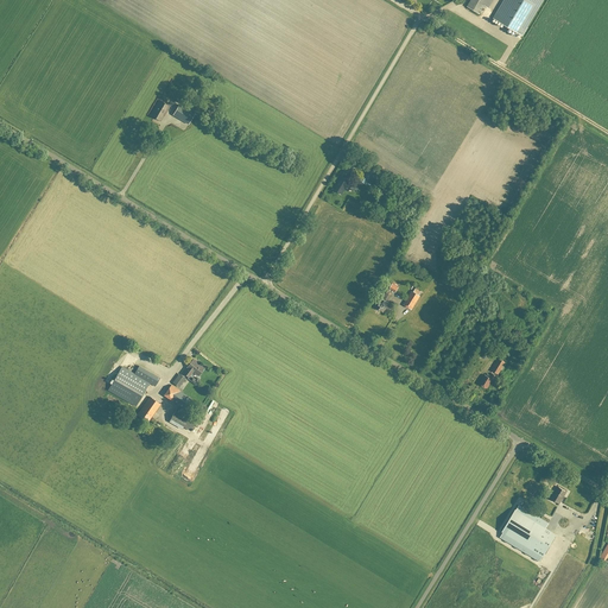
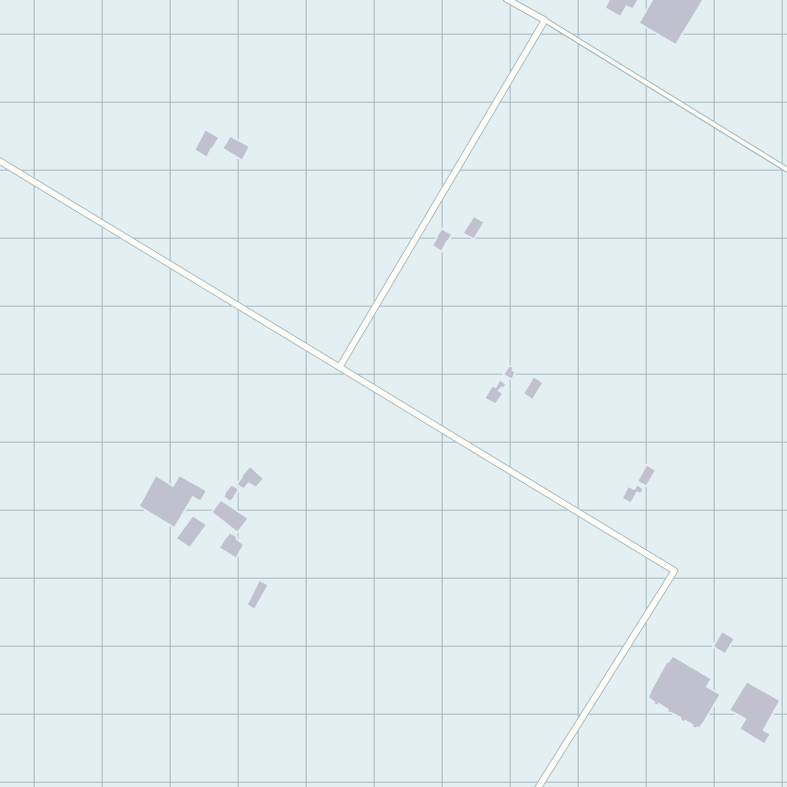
building: none -> [729,682,780,744]

